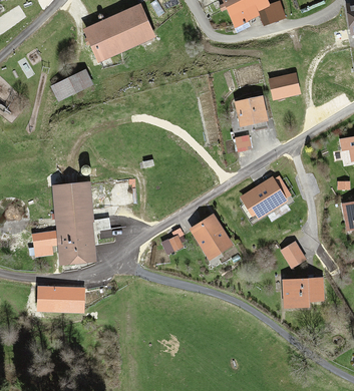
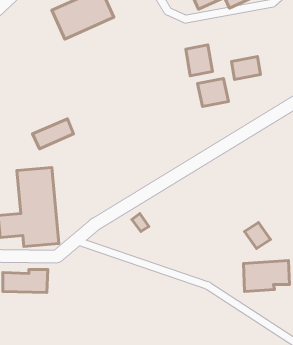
building: none -> [186,45,212,76]
building: [50,70,91,100] -> [33,119,74,149]
building: [239,170,286,215] -> none
building: [189,214,233,261] -> none

